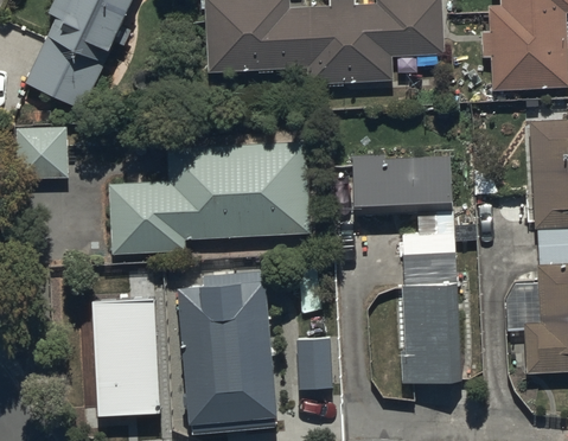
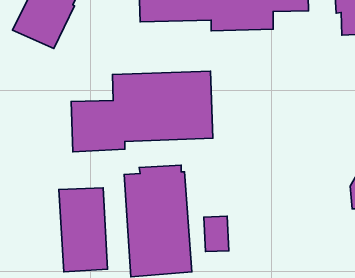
building: [23,127,69,179] -> none
building: [352,153,462,383] -> none

